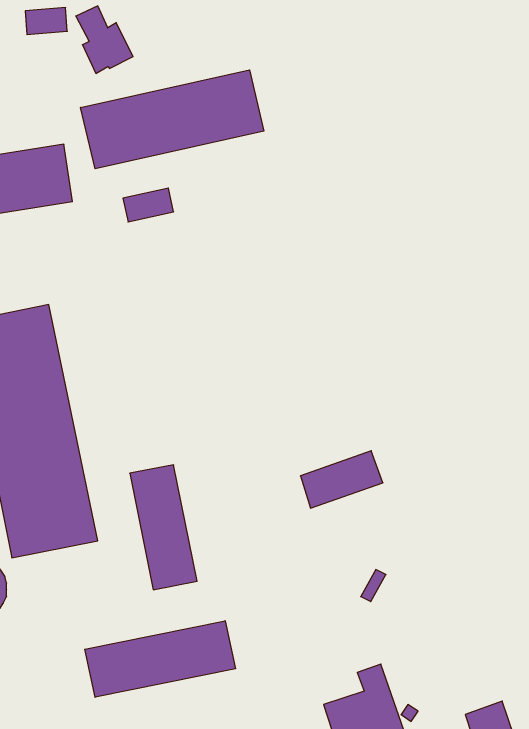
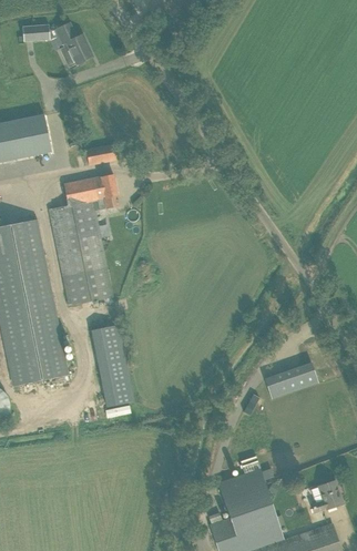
building: [81,70,264,169] -> none
building: none -> [49,174,119,306]
building: [300,451,383,508] -> [264,361,318,399]
building: [85,621,235,697] -> none

